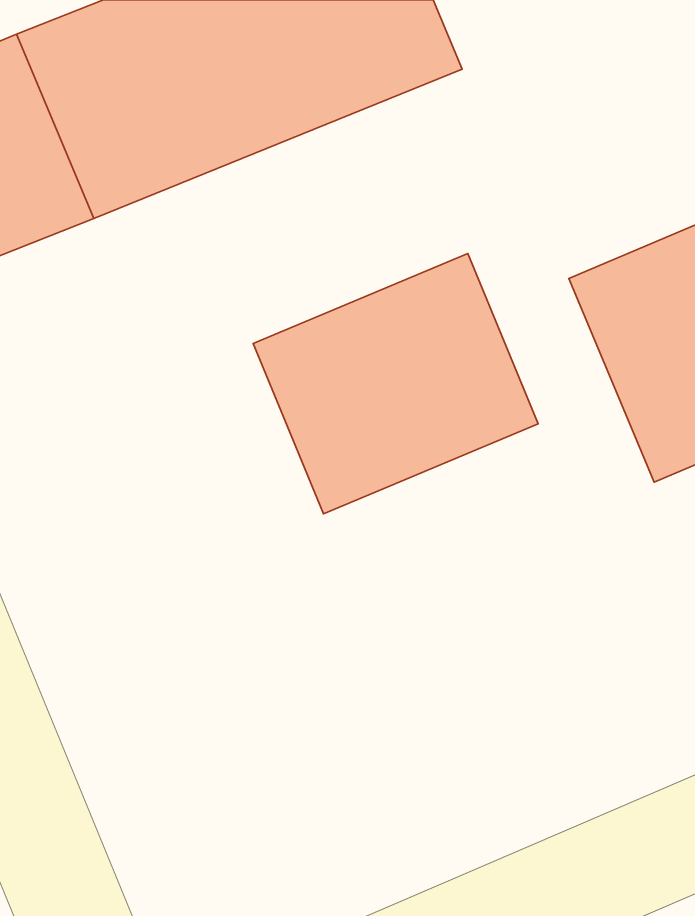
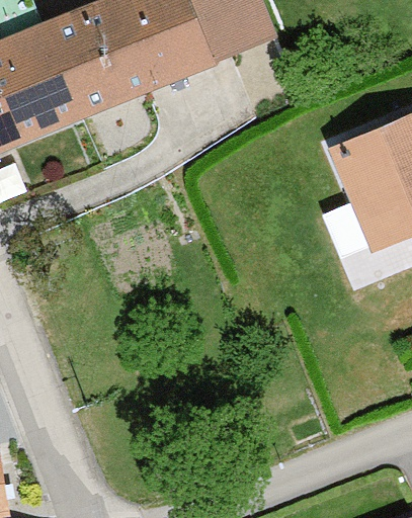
building: [253,253,538,514] -> none

